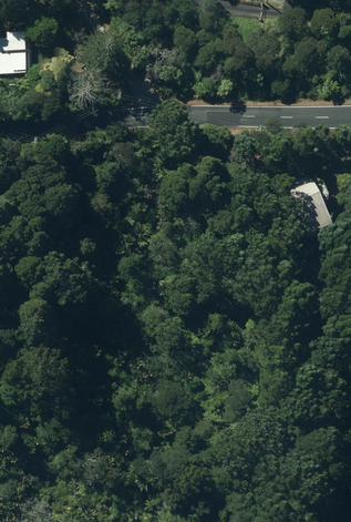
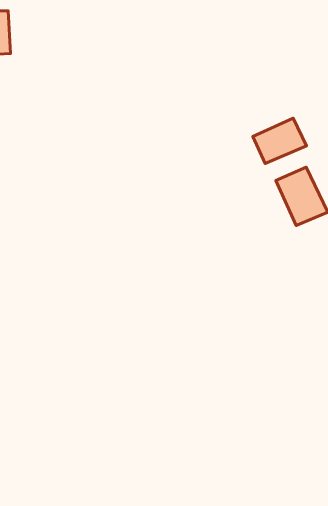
building: none -> [253,118,306,163]

